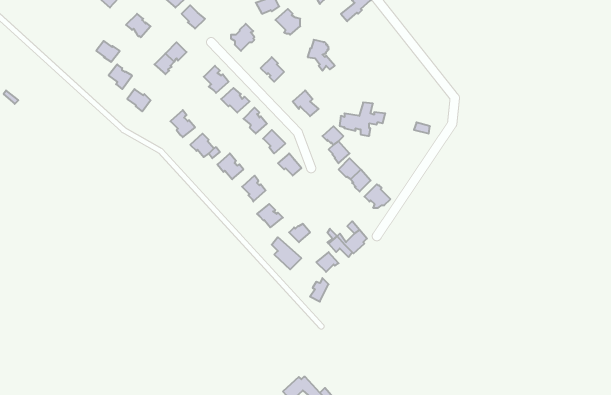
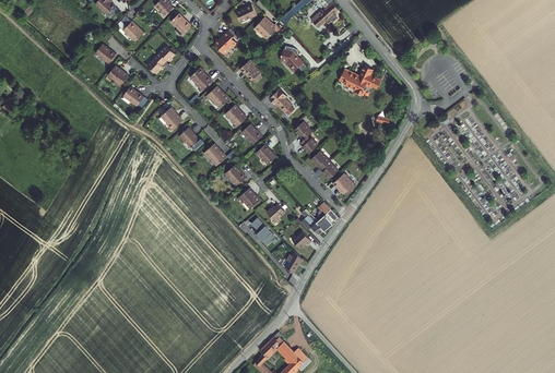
building: [340,102,385,136] -> [338,60,378,89]

